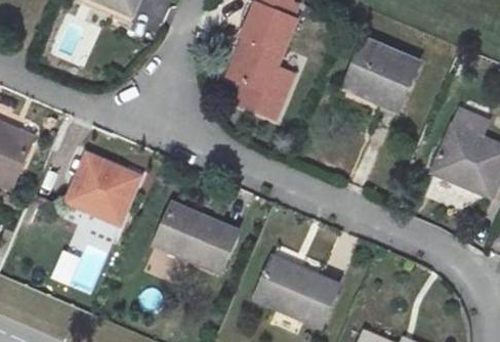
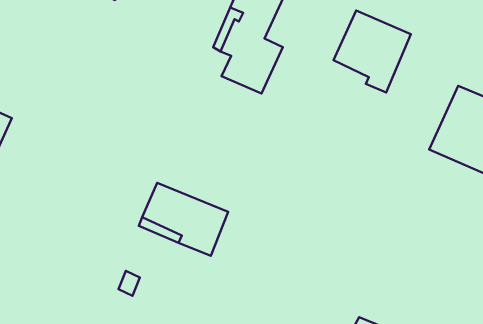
building: [68,155,140,223] -> none
building: [257,254,342,325] -> none

